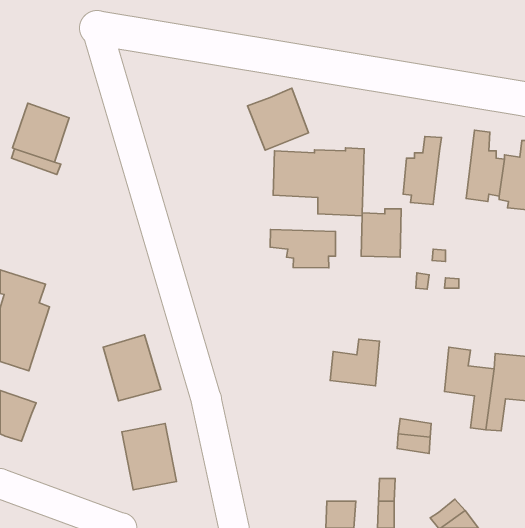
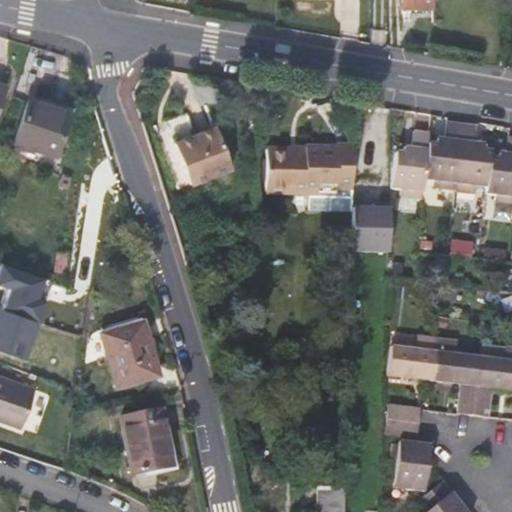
building: [248,88,308,150] -> [174,124,233,184]
building: none -> [424,124,462,192]
building: [270,230,336,268] -> none
building: [330,339,380,386] -> [389,334,437,379]
building: none -> [394,443,430,493]

